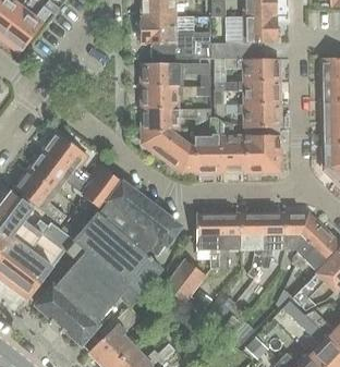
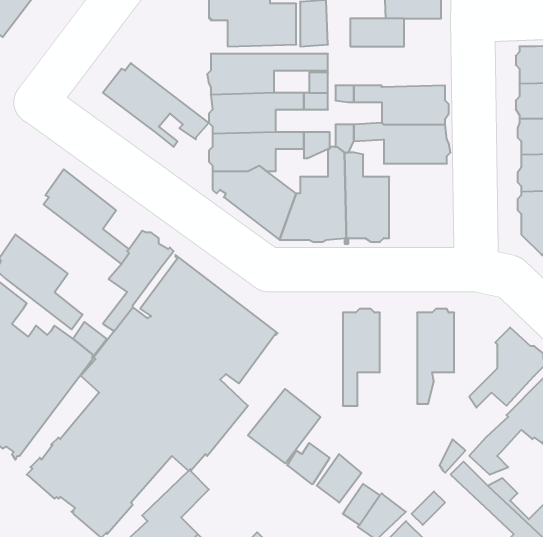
building: [224,58,281,82] -> none
building: [246,134,283,173] -> none
building: [27,150,89,199] -> [103,63,209,147]
building: [241,211,263,278] -> none
building: [284,211,317,262] -> none
building: [196,212,219,268] -> none

